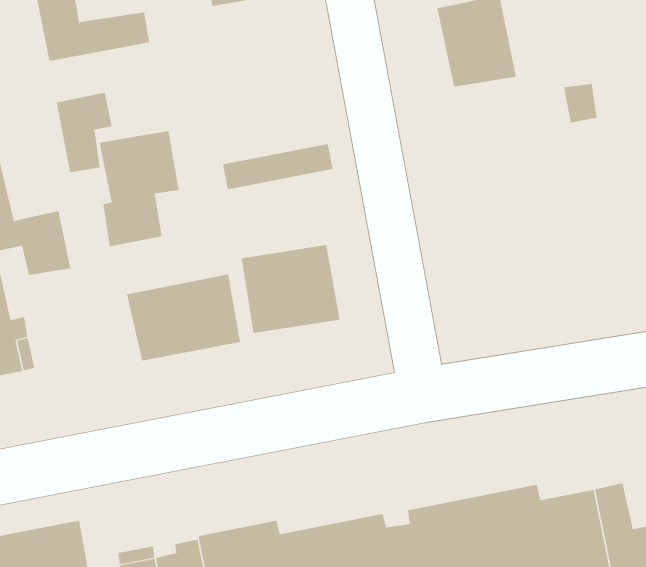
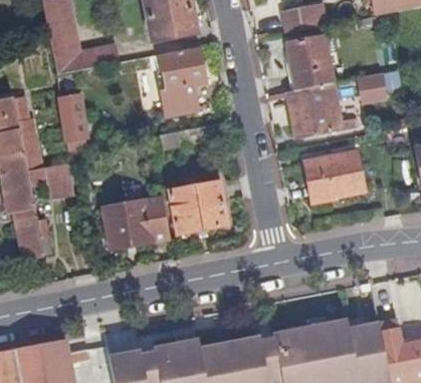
building: none -> [284,81,356,138]
building: [99,130,180,247] -> [160,46,207,114]
building: none -> [305,152,364,199]

